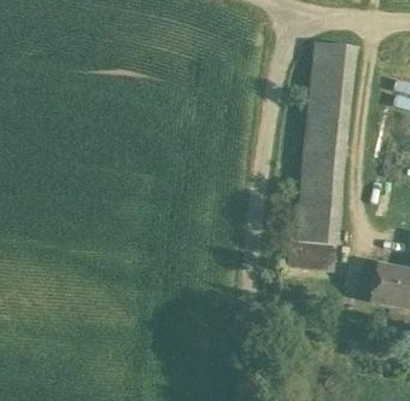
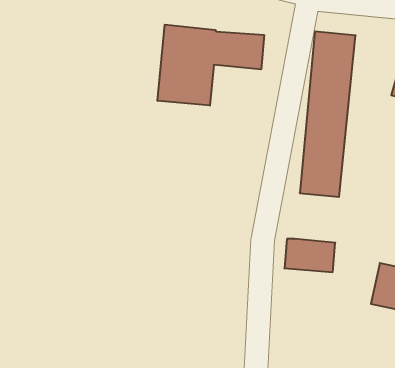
building: none -> [158,25,264,106]
building: [294,194,338,242] -> none

